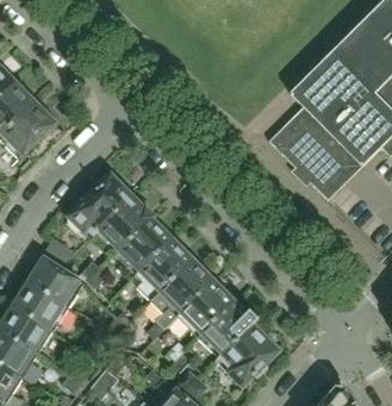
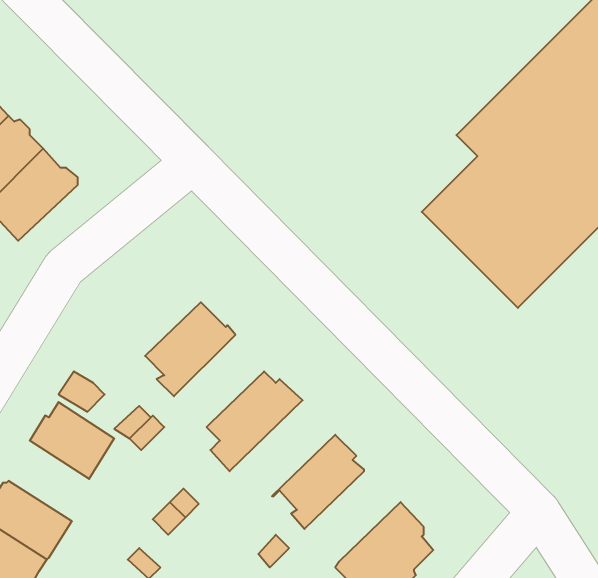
building: [68,173,132,237] -> none
building: [116,218,174,270] -> none
building: [144,256,216,341] -> none
building: [13,281,63,331] -> none
building: [197,298,256,356] -> none

